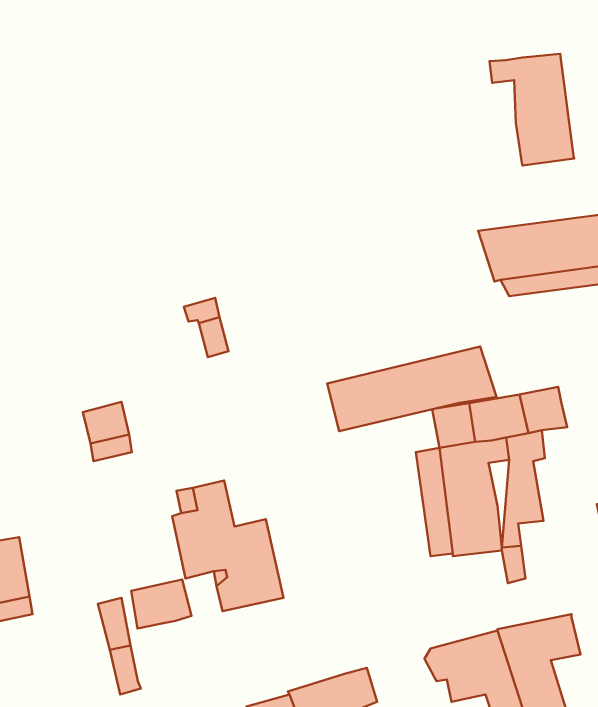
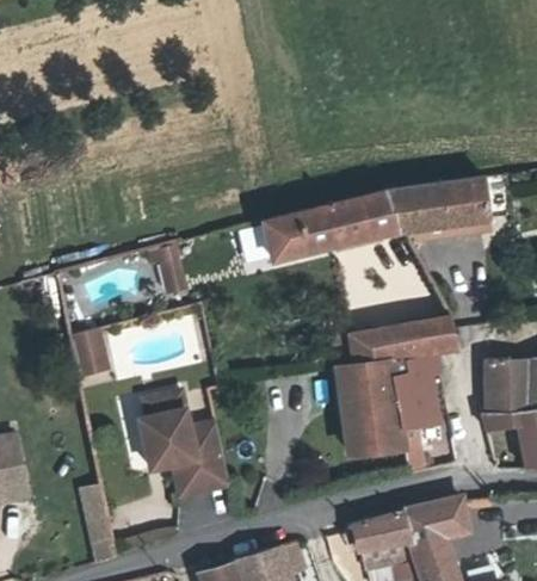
building: [489,54,574,166] -> none
building: [327,346,497,431] -> [263,191,399,259]
building: [131,579,191,629] -> none

